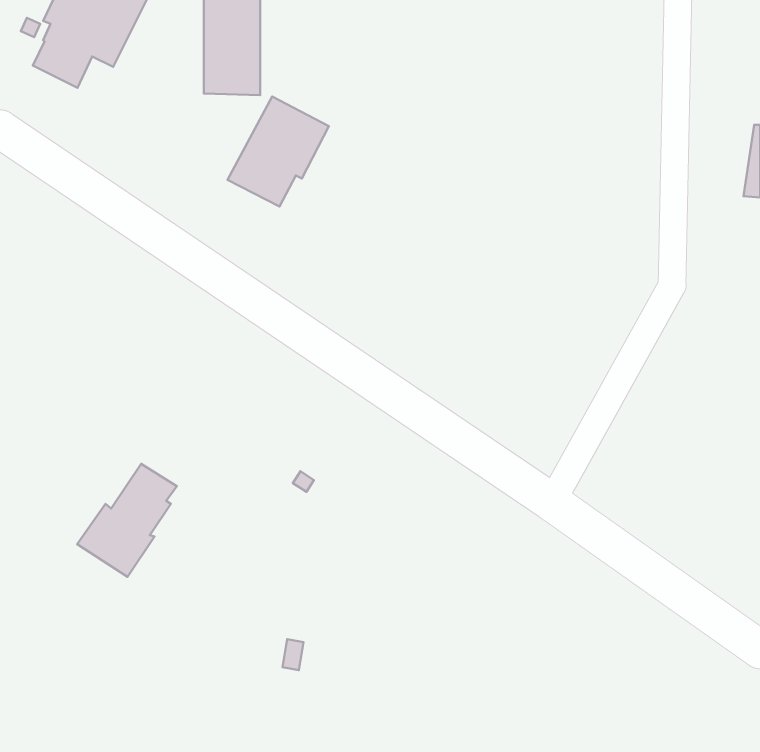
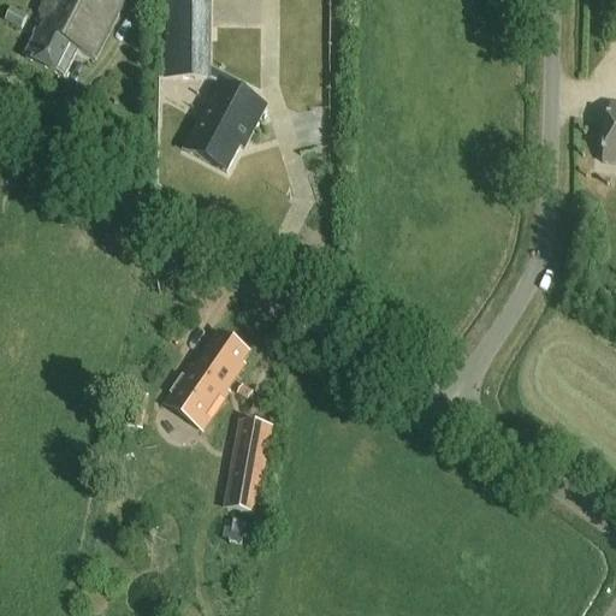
building: [77,464,177,577] -> [168,328,249,420]
building: none -> [230,420,272,513]

